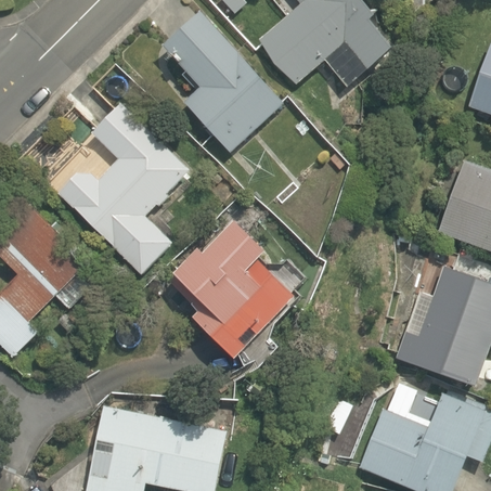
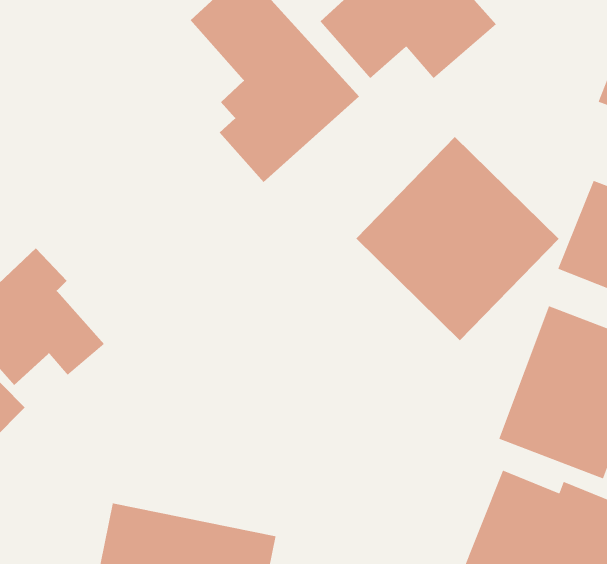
building: [50,99,199,276] -> none
building: none -> [355,136,559,341]
building: [171,215,298,362] -> none

